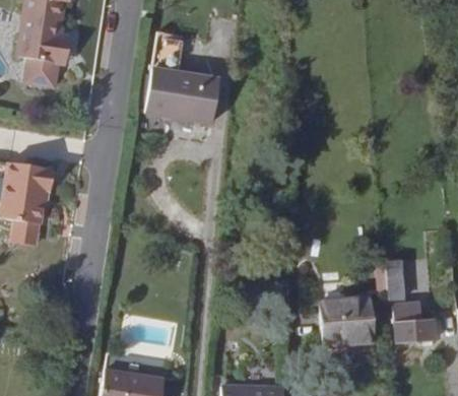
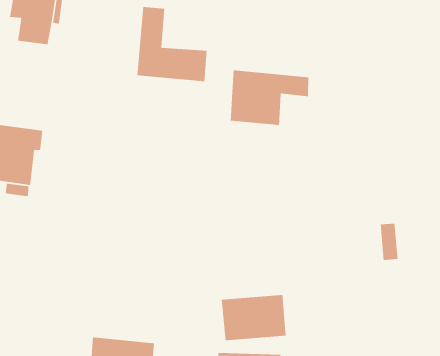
building: none -> [230,70,309,126]
building: [310,296,375,343] -> [221,294,286,341]
building: [394,300,436,340] -> none

